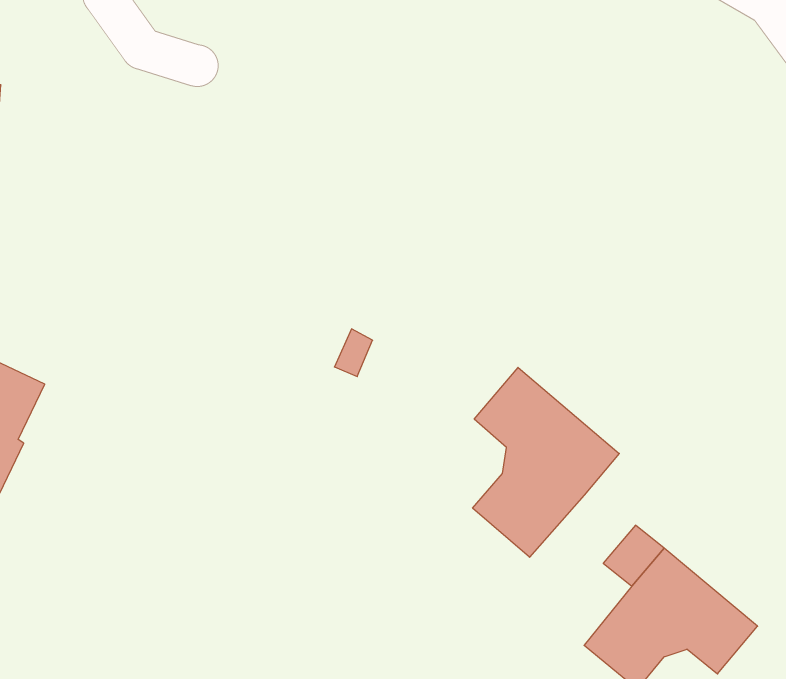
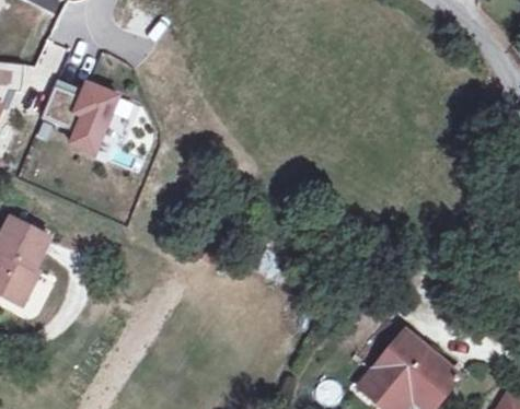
building: none -> [41,84,119,154]
building: [473,367,619,557] -> none

